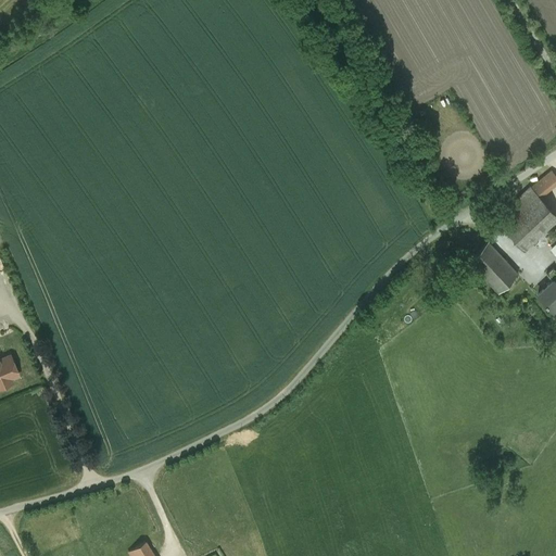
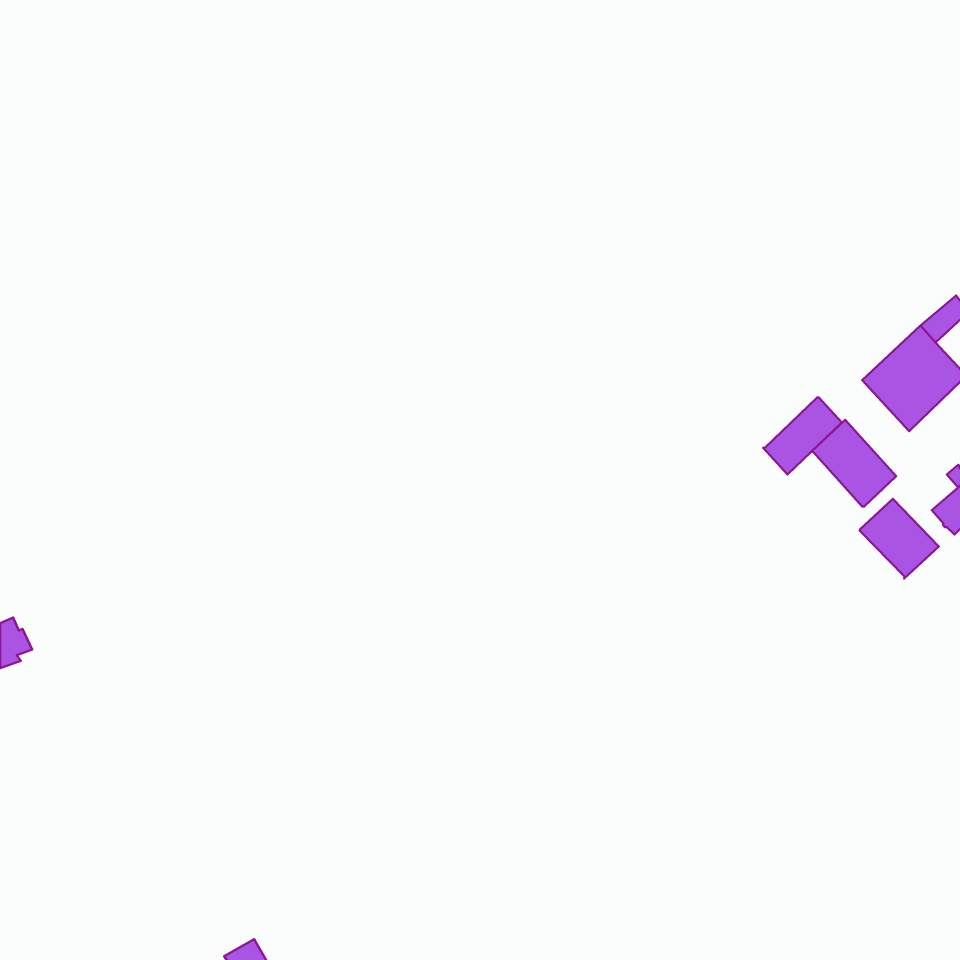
building: none -> [763,397,842,474]
building: none -> [860,499,939,578]

